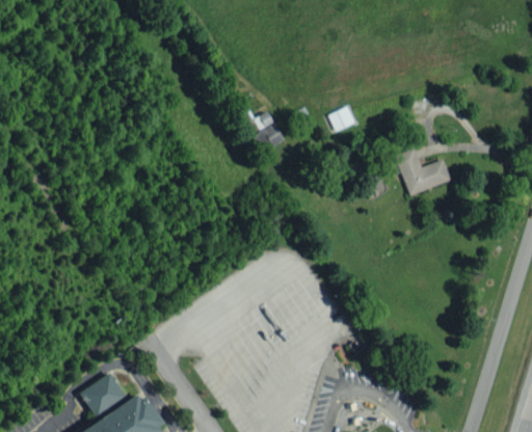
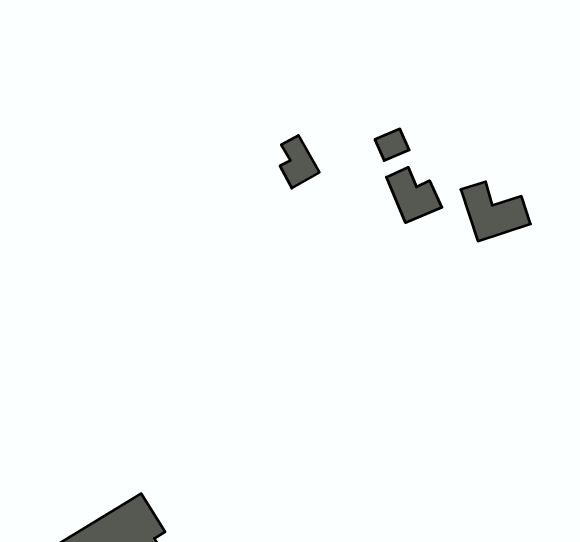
building: none -> [386,167,442,223]
building: [81,373,127,416] -> none

